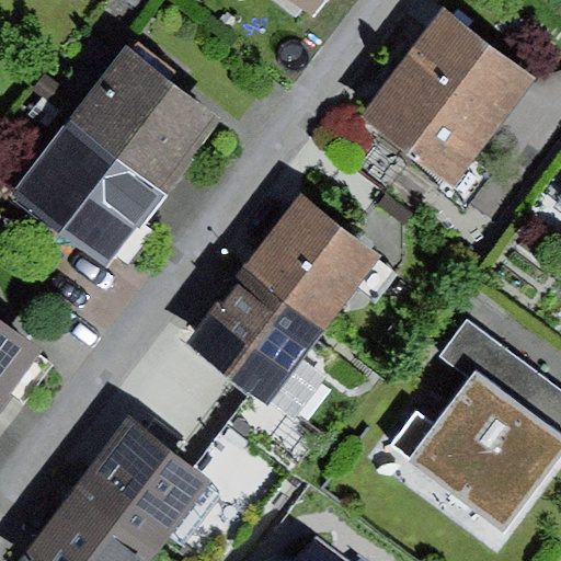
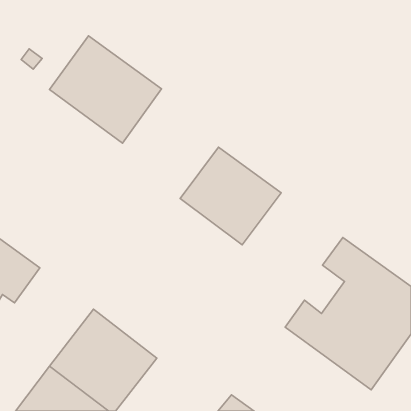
building: [373,16,543,190] -> none
building: [9,121,165,272] -> none
building: [186,267,327,405] -> none

